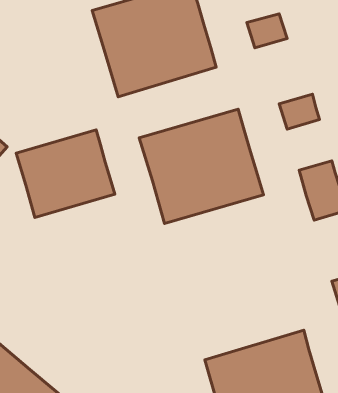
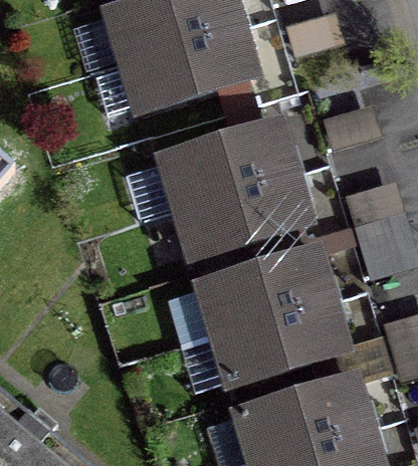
building: [16,130,115,217] -> none
building: none -> [198,252,341,385]

